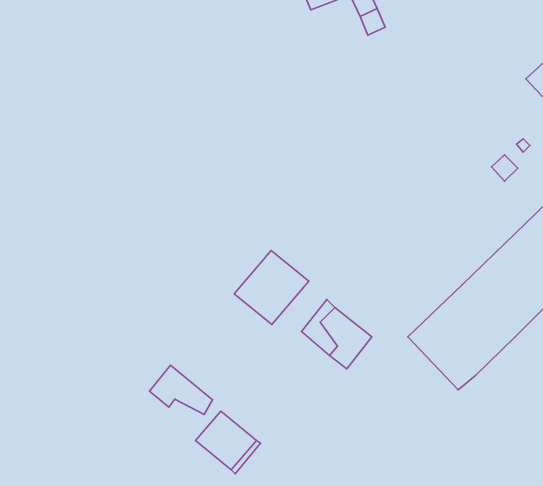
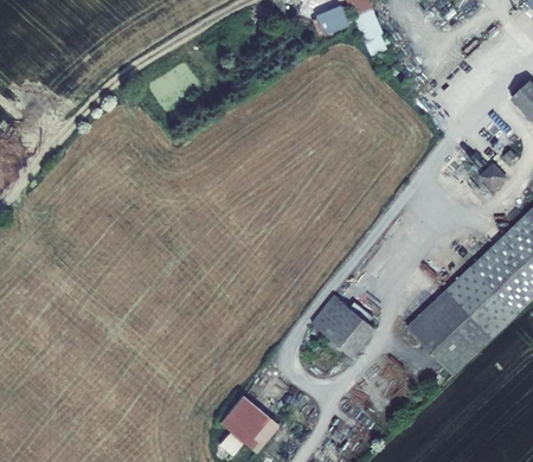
building: [234,250,309,324] -> none
building: [149,365,213,415] -> none

